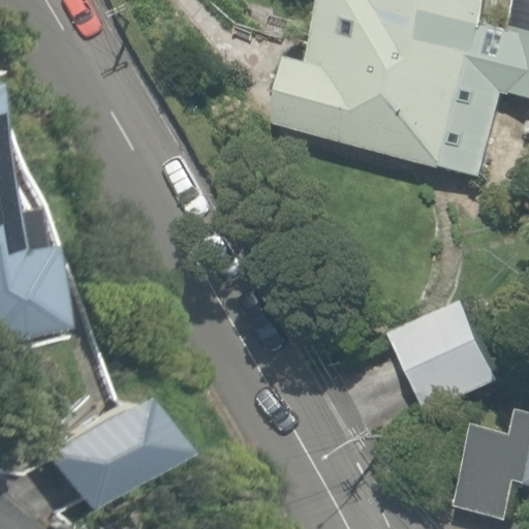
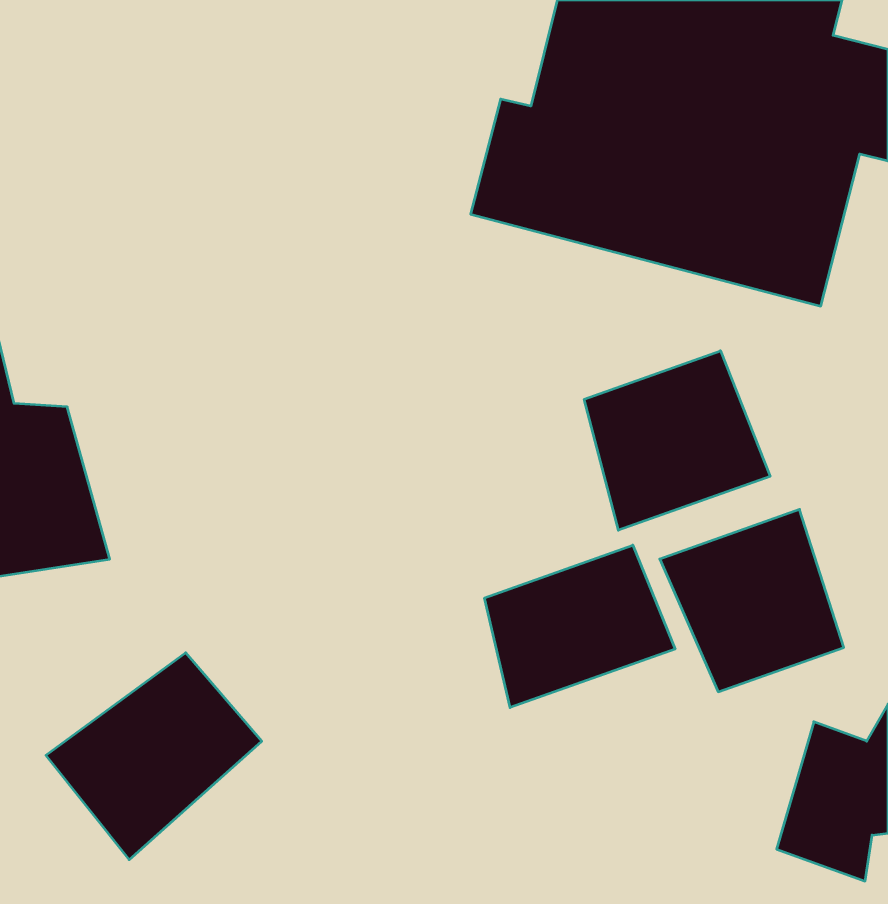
building: none -> [584,351,770,530]
building: none -> [485,545,675,708]

